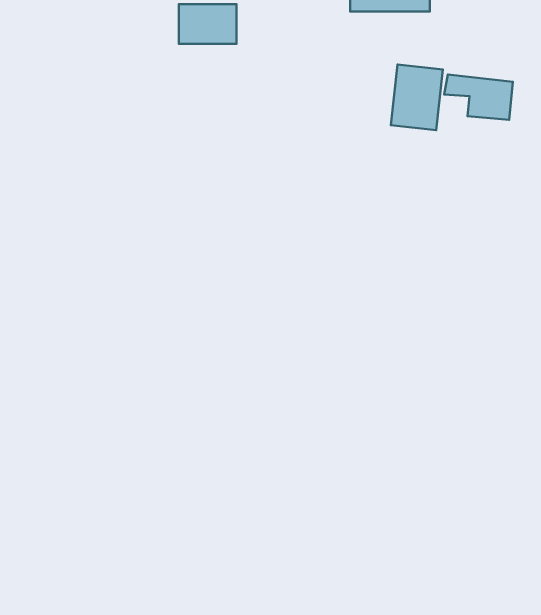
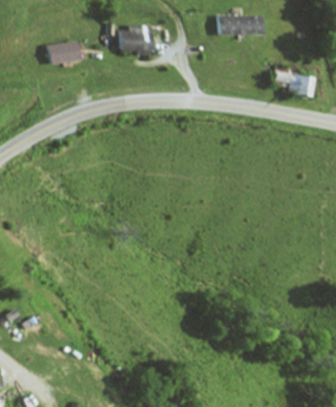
building: none -> [47,41,80,64]
building: [391,64,443,130] -> none

